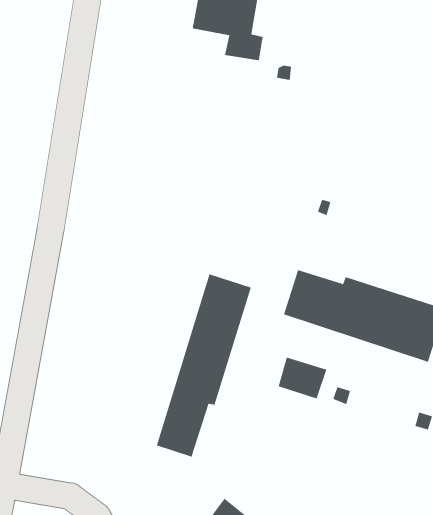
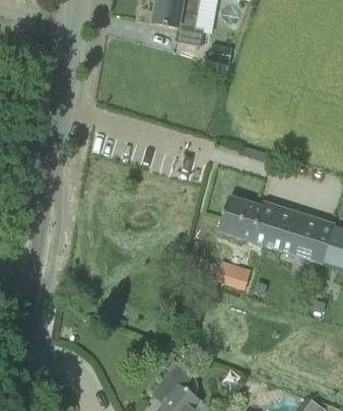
building: [156,273,252,458] -> none

